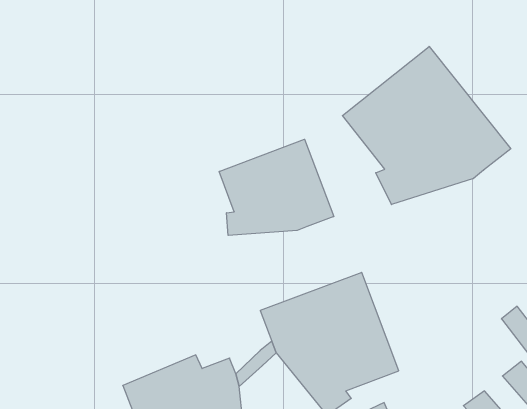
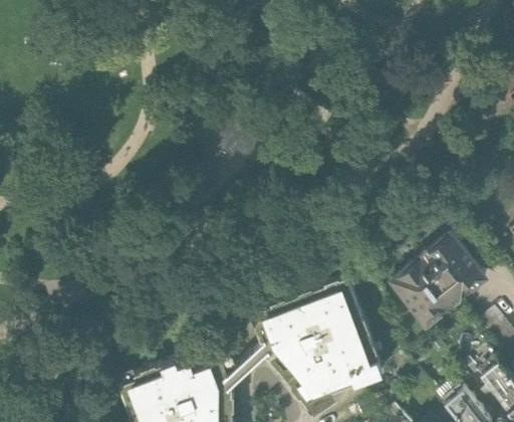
building: [342,46,511,205] -> none
building: [219,139,334,235] -> none
building: none -> [393,234,486,325]

